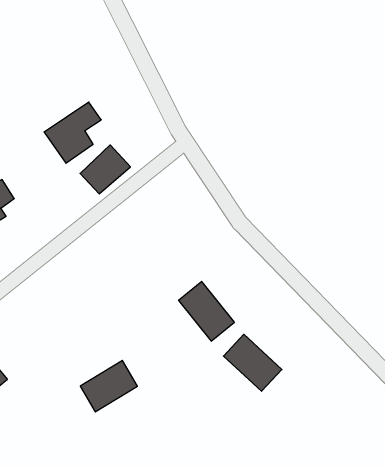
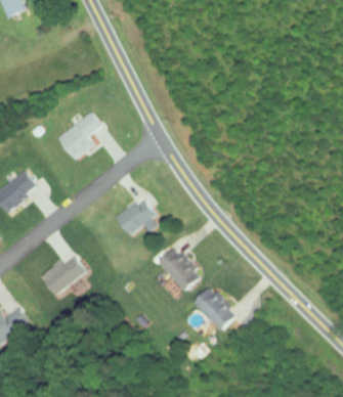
building: [80,145,130,194] -> [116,197,154,234]
building: [80,360,137,412] -> [42,255,85,294]

